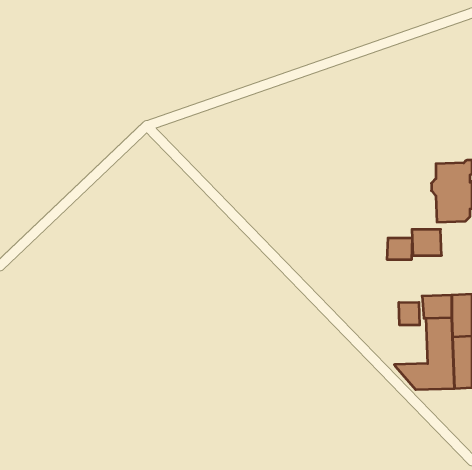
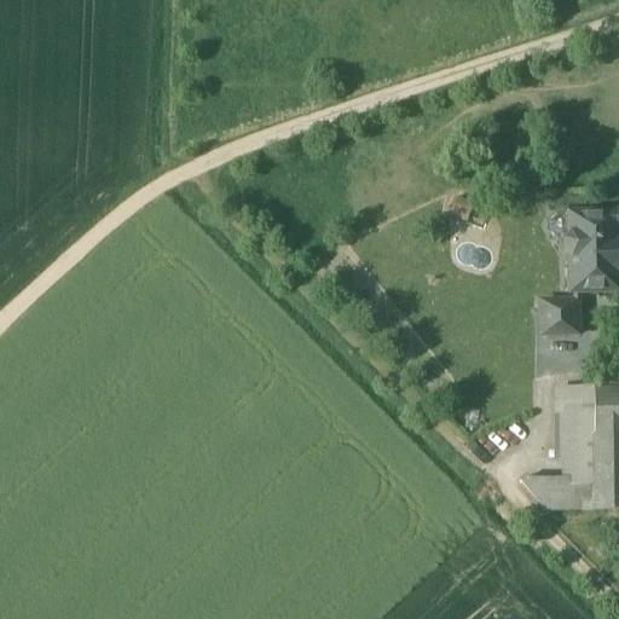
building: [387,238,412,260] -> none
building: [399,302,420,325] -> none

